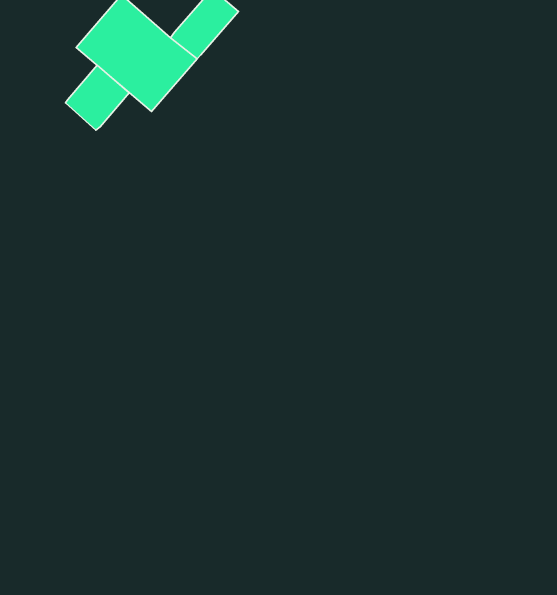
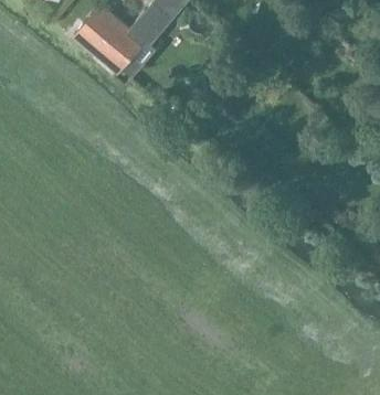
building: [66,65,129,130] -> none

